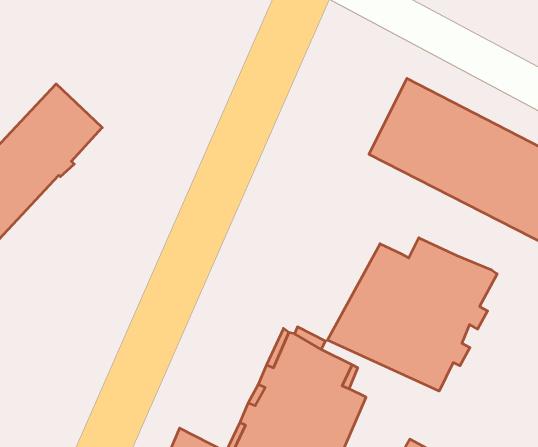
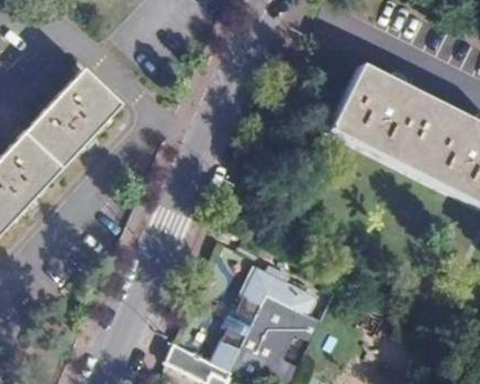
building: [327,238,497,391] -> none

